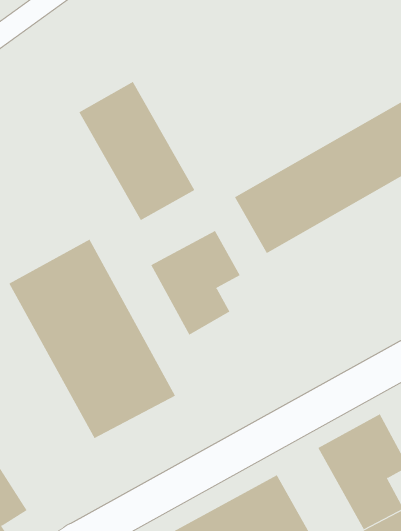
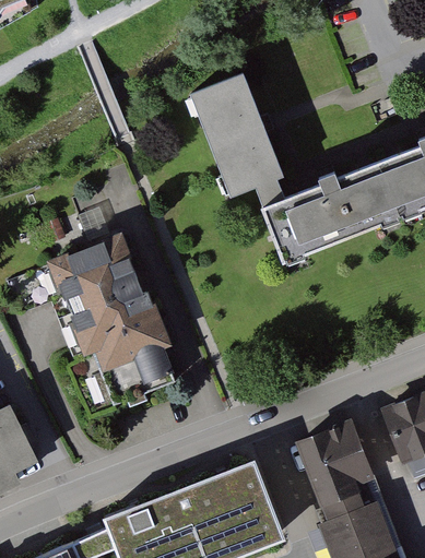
building: [78,81,195,221] -> [188,74,281,198]
building: [151,230,241,335] -> none

